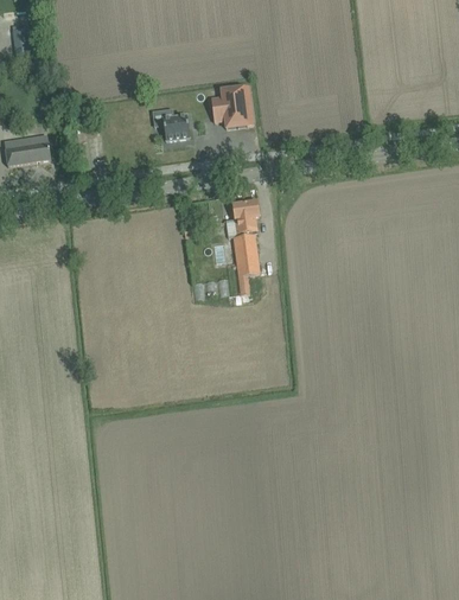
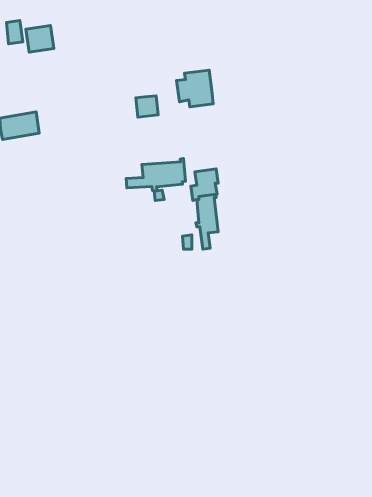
building: none -> [26,26,54,52]
building: none -> [126,159,185,191]

